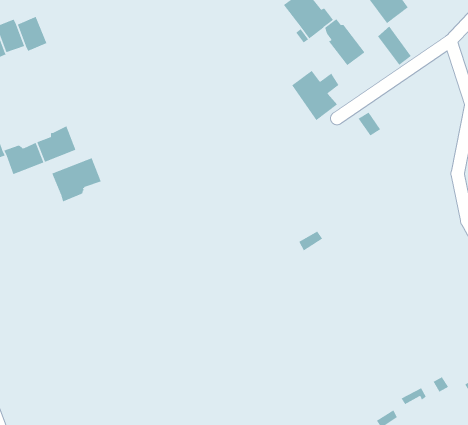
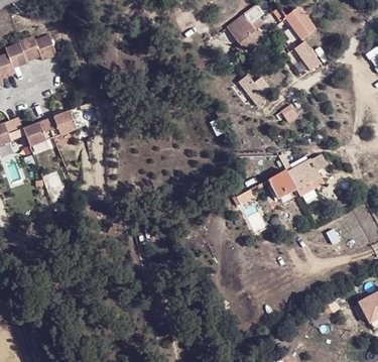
building: [324,18,365,66] -> none
building: [51,157,102,203] -> none
building: none -> [268,158,325,198]

